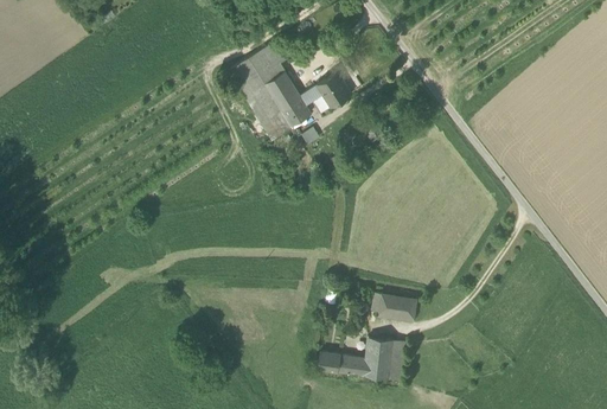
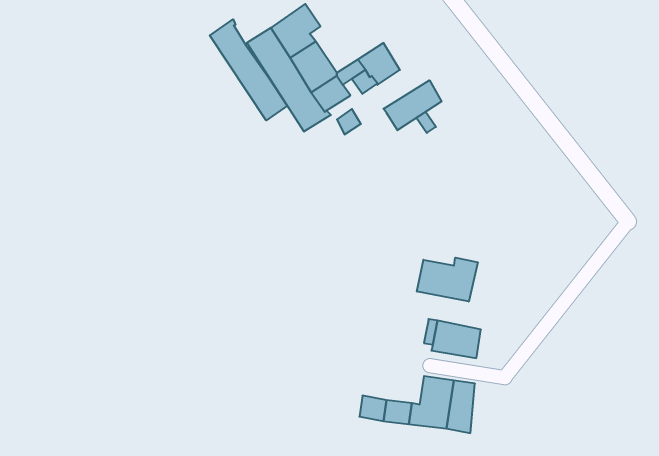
building: none -> [210,19,287,120]
building: none -> [383,80,442,130]
building: none -> [417,258,478,302]

